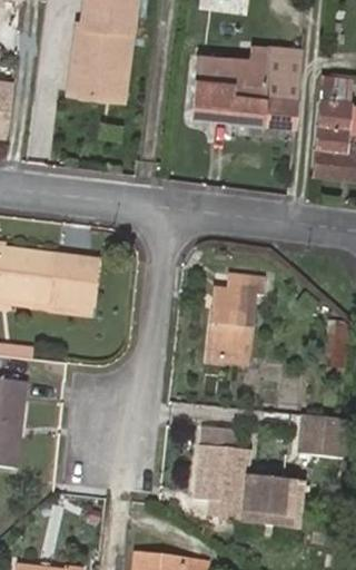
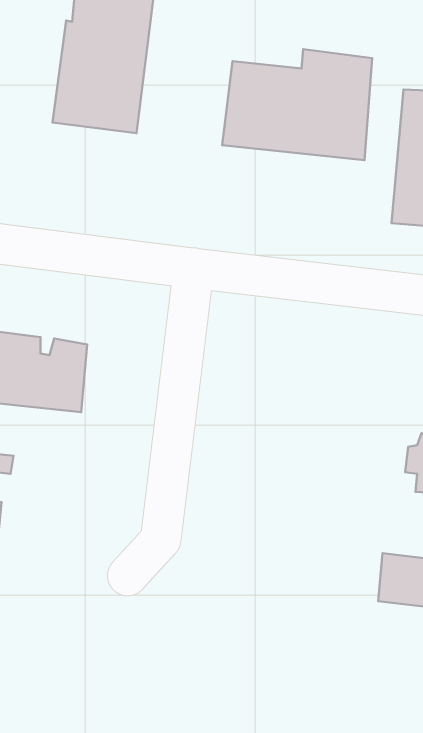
building: [214,274,276,362] -> none
building: [192,425,297,527] -> none

